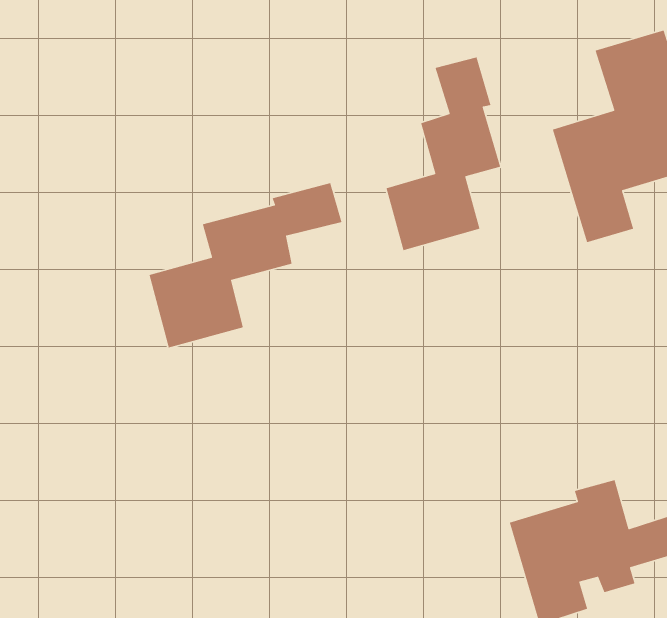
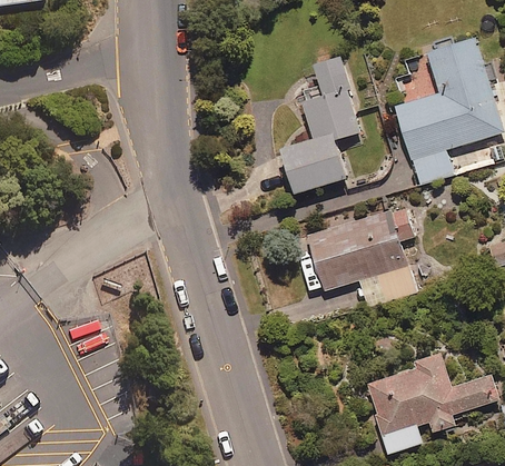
building: [149,182,343,349] -> none
building: none -> [306,205,415,308]

